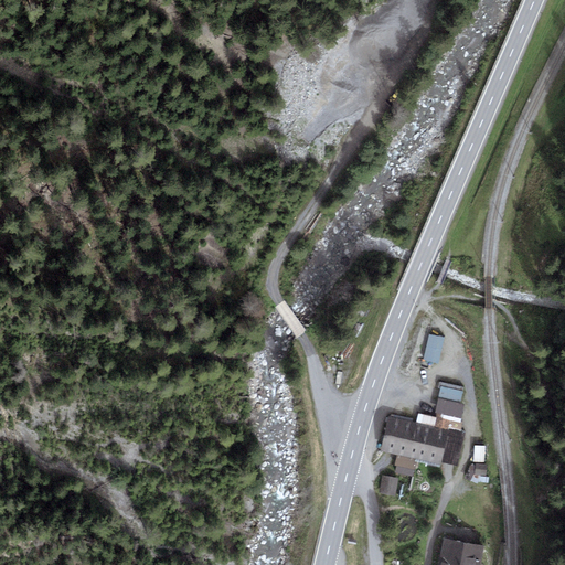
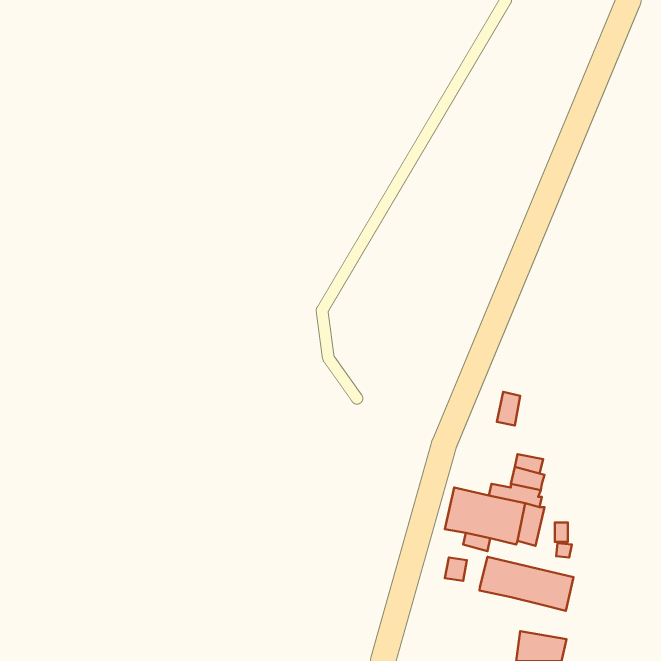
building: none -> [480,557,574,611]

